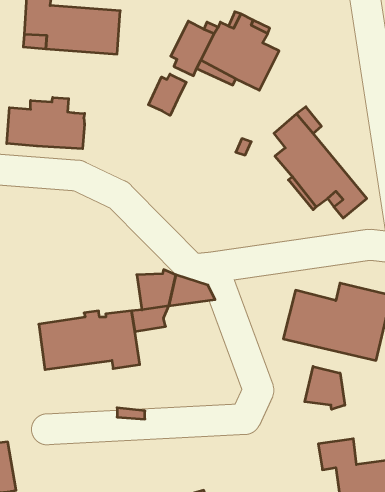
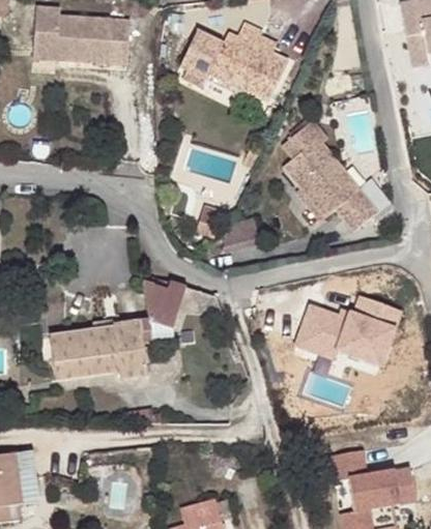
building: [148,74,186,115] -> none
building: [7,97,85,149] -> none
building: [305,366,345,409] -> none

